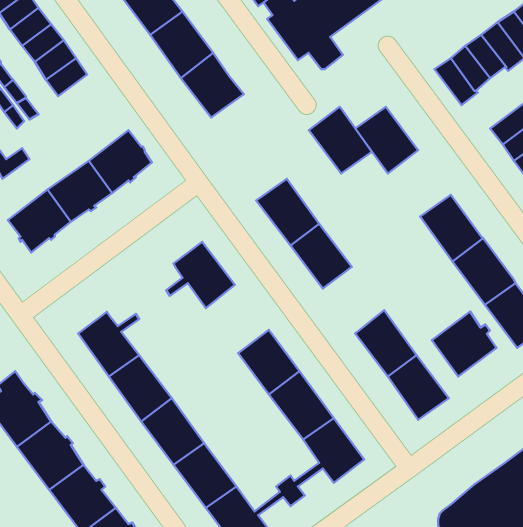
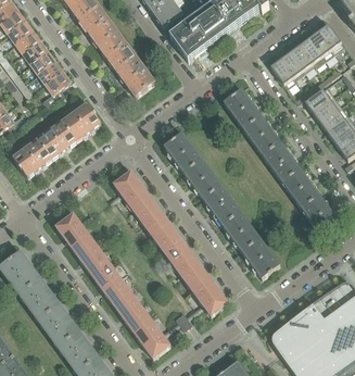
building: none -> [42,68,69,104]
building: [309,107,372,173] -> [242,114,280,154]
building: none -> [203,185,240,225]
building: none -> [132,196,170,237]
building: [432,312,496,376] -> none

